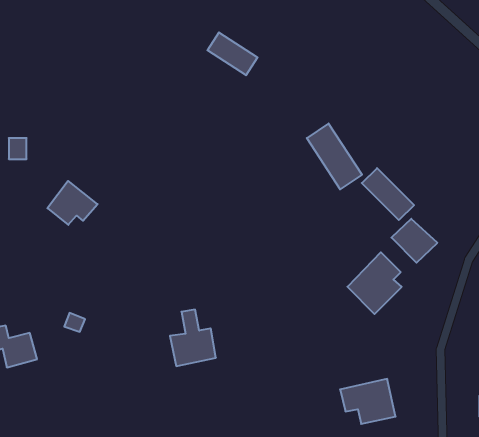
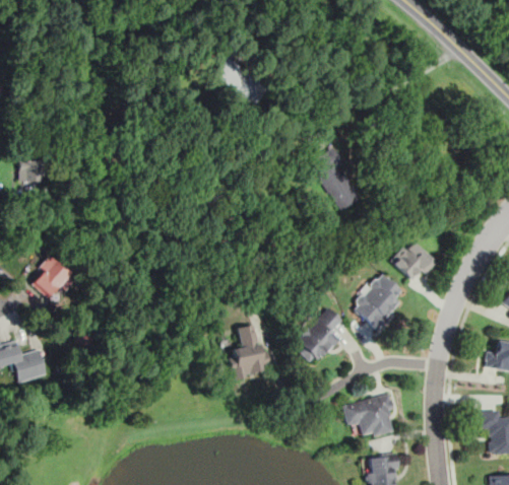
building: [362,168,414,220] -> none
building: [47,181,98,225] -> [28,256,77,298]
building: none -> [297,305,342,367]
building: [170,310,216,366] -> [226,326,270,380]

